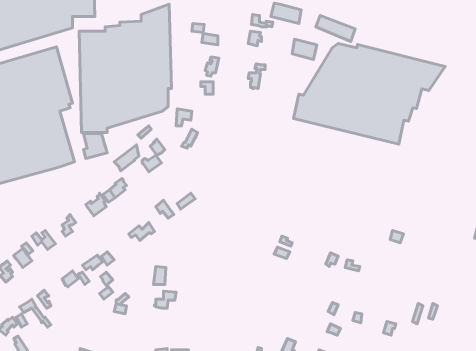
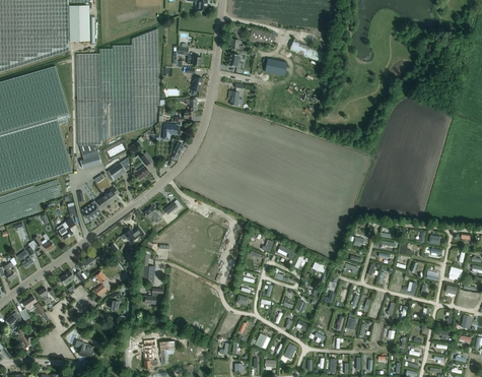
building: [293,44,445,144] -> none

